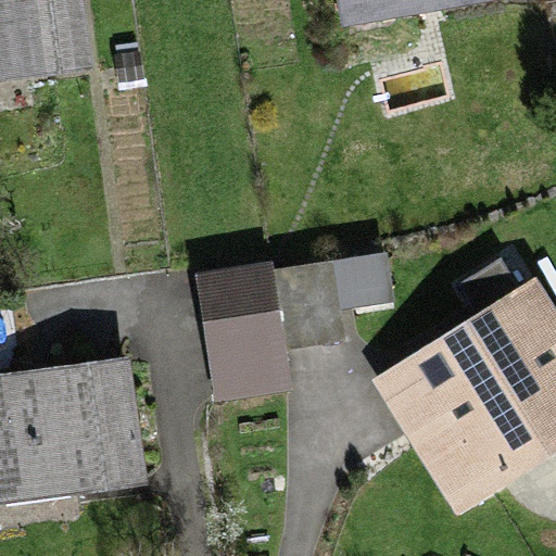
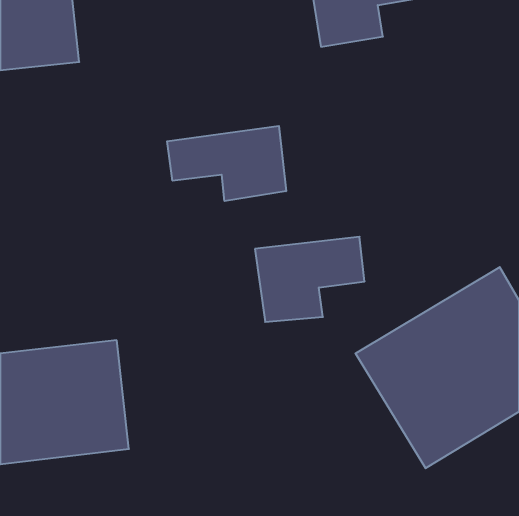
building: none -> [167,126,286,201]
building: [197,260,289,397] -> none

